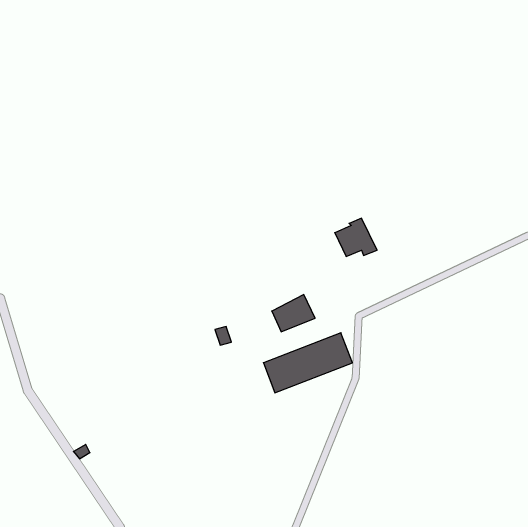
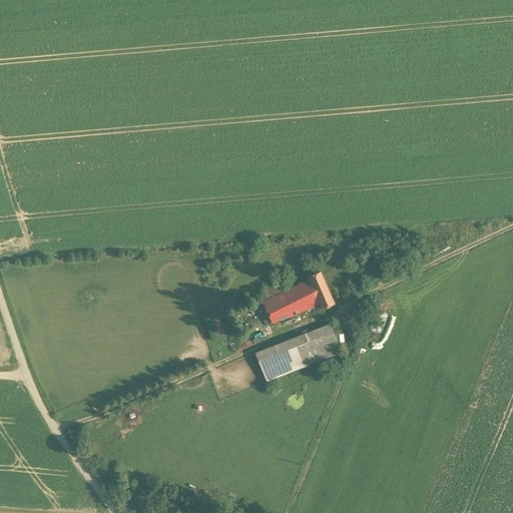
building: [335,218,377,256] -> [295,272,336,309]

